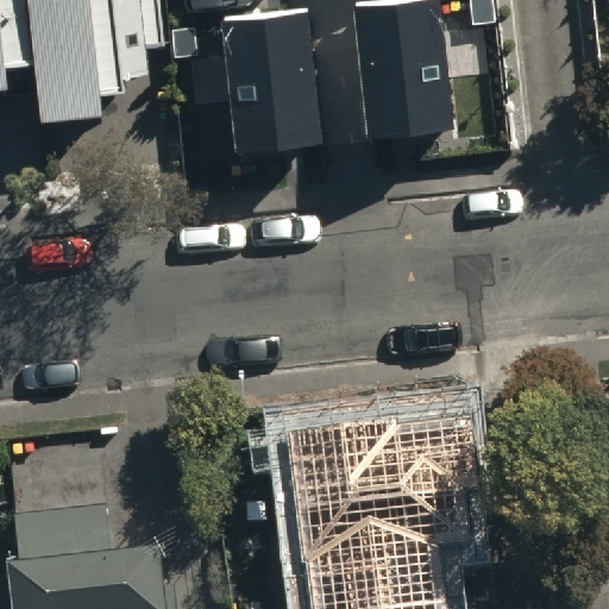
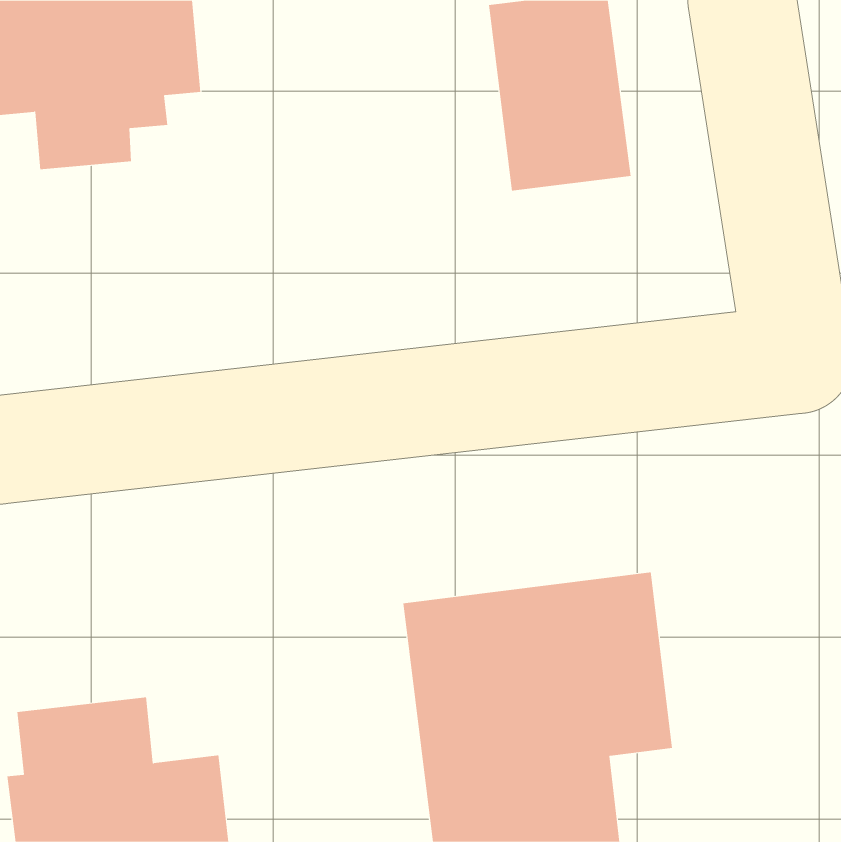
building: [220,10,324,155] -> none

